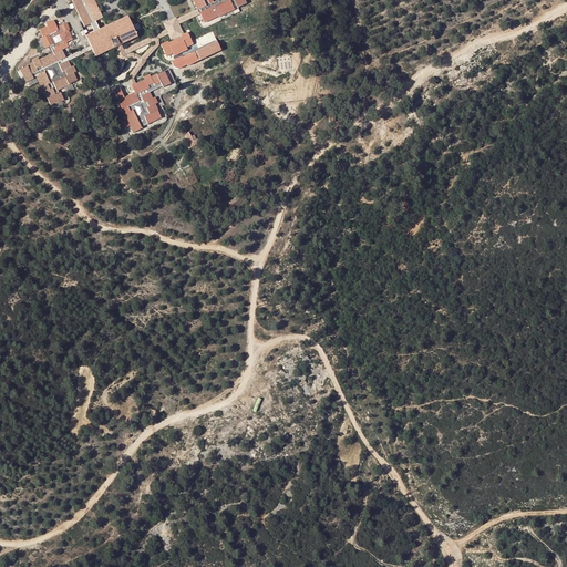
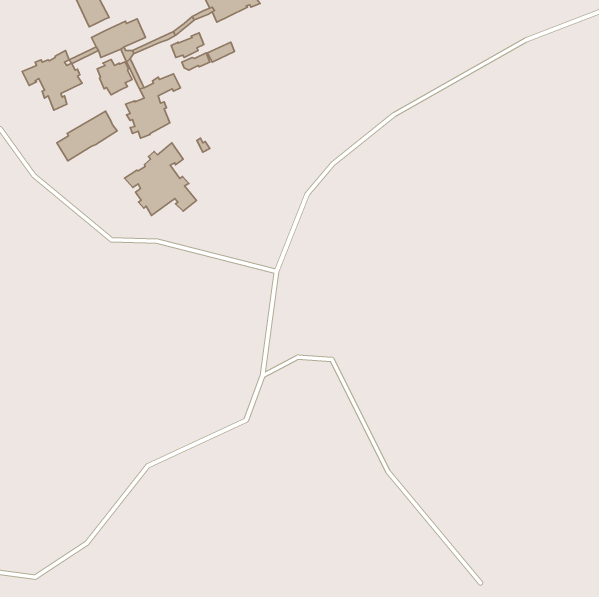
building: [40,19,73,52] -> [97,60,132,95]
building: none -> [57,111,117,161]
building: none -> [124,143,197,216]

